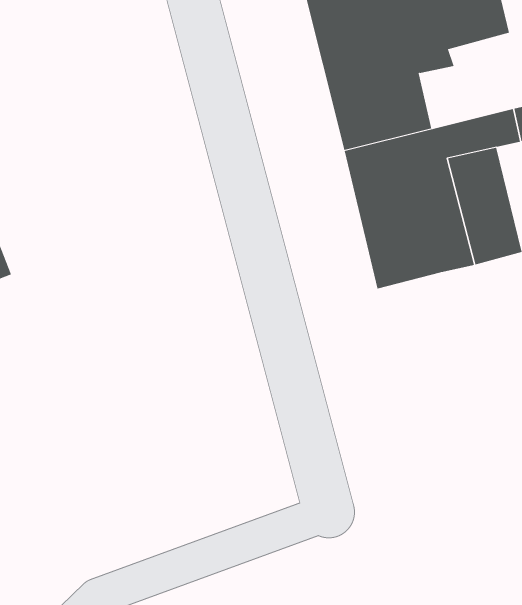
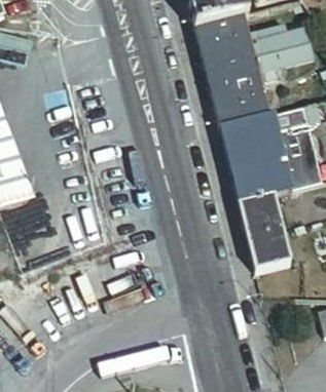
building: none -> [237,191,289,268]

